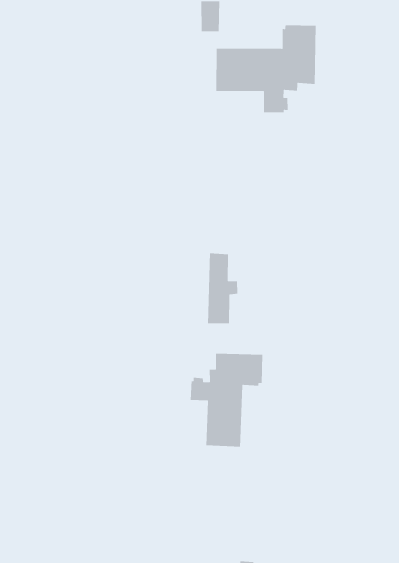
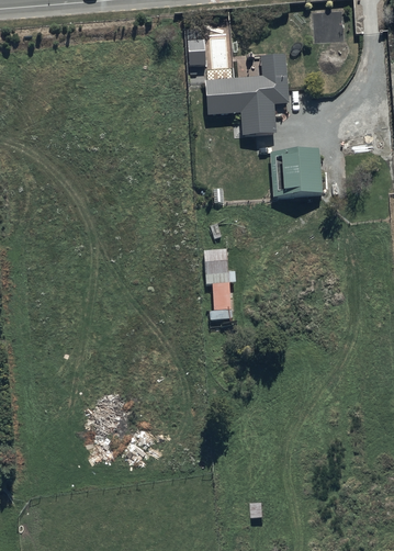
building: none -> [269,147,322,196]
building: [190,353,263,448] -> none

